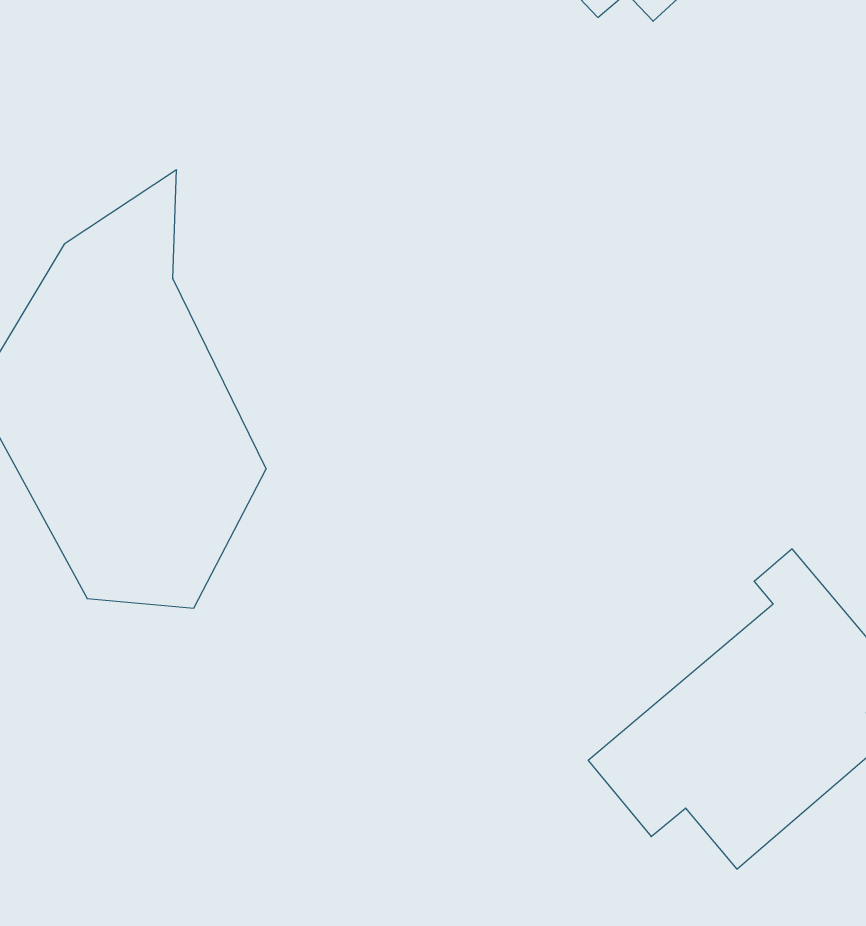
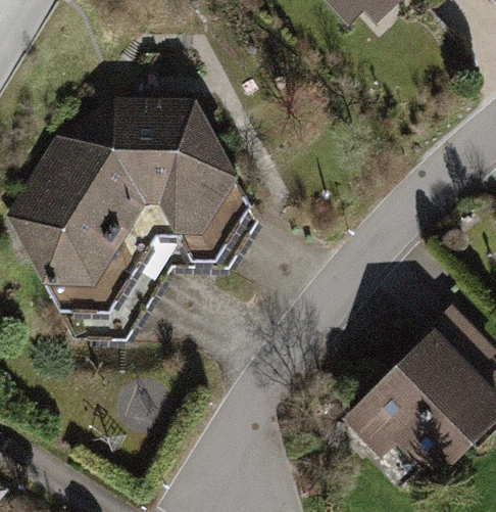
building: none -> [116,96,251,257]

